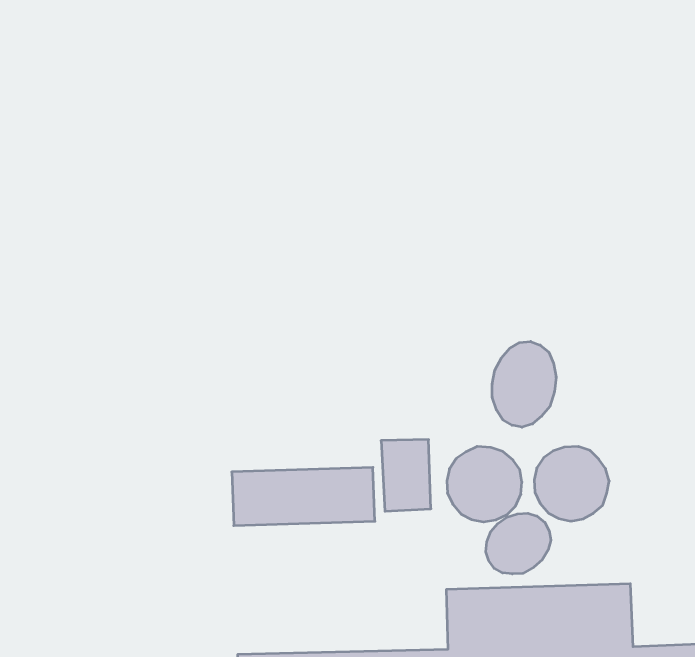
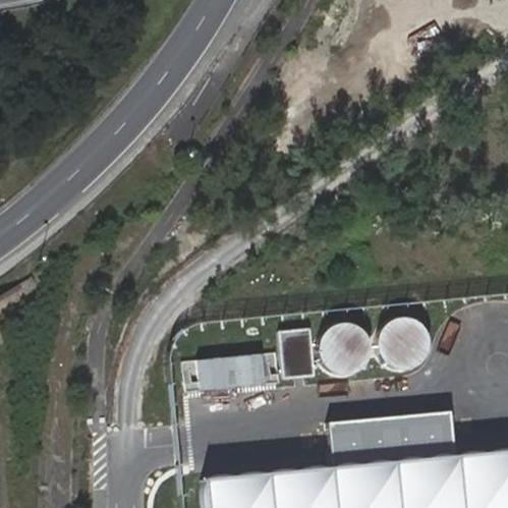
building: [492,341,556,427] -> none
building: [486,513,551,574] -> none

